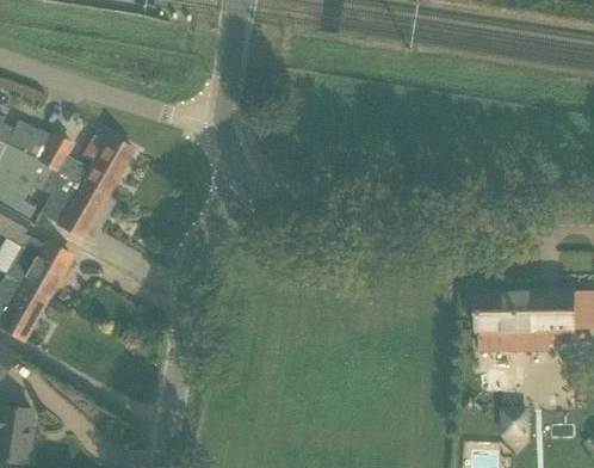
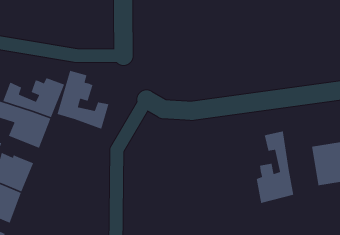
building: none -> [57,70,110,130]
building: none -> [256,130,294,204]

